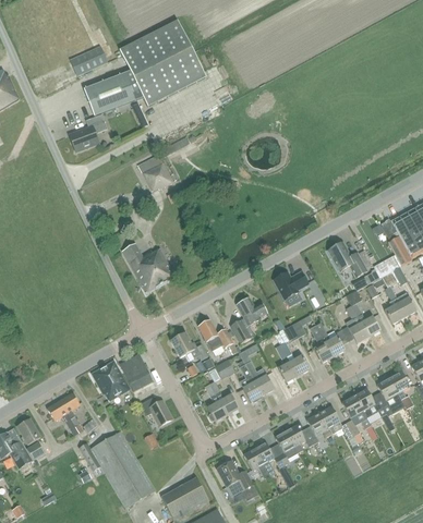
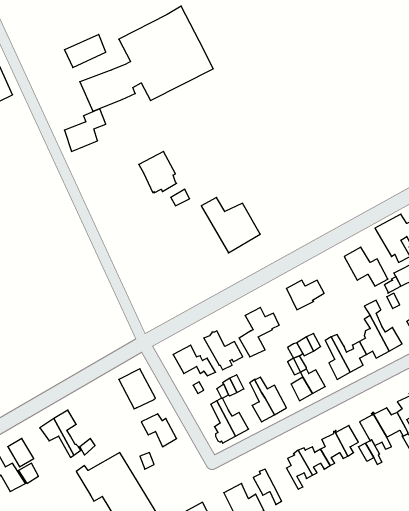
building: [121,242,176,293] -> [201,197,260,253]
building: [92,360,130,400] -> none
building: [254,441,285,475] -> none

